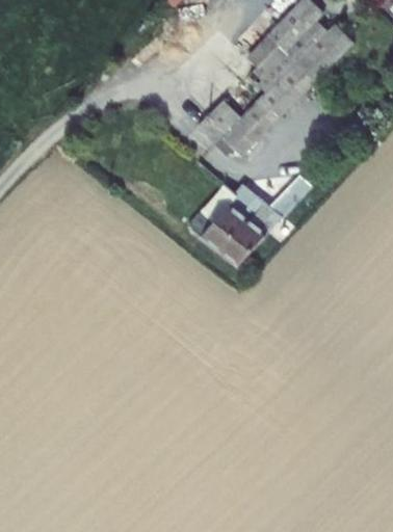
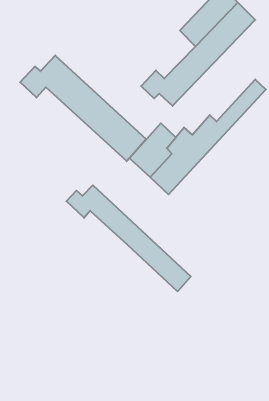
building: none -> [20,55,146,161]
building: none -> [66,185,191,291]

